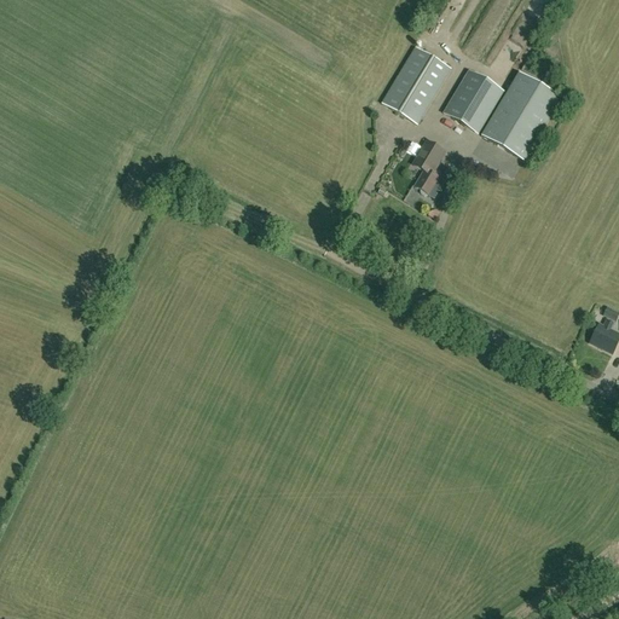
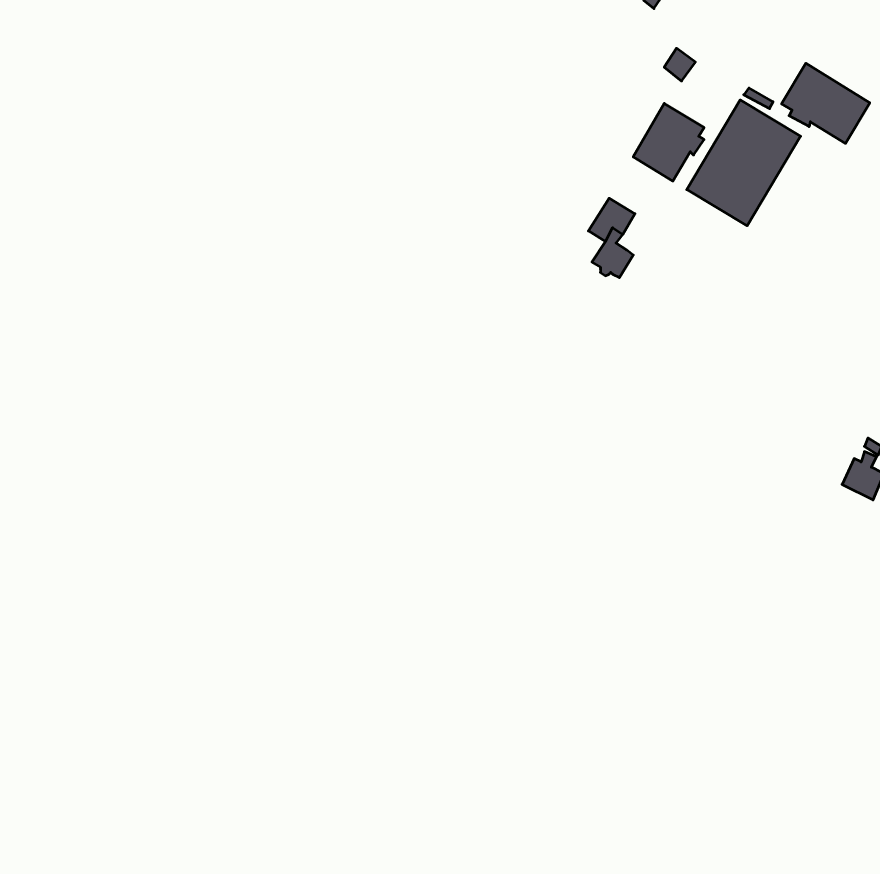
building: none -> [782,63,870,143]
building: [383,45,452,122] -> none

